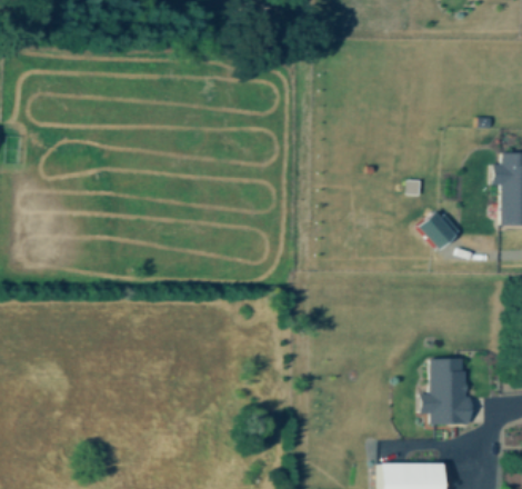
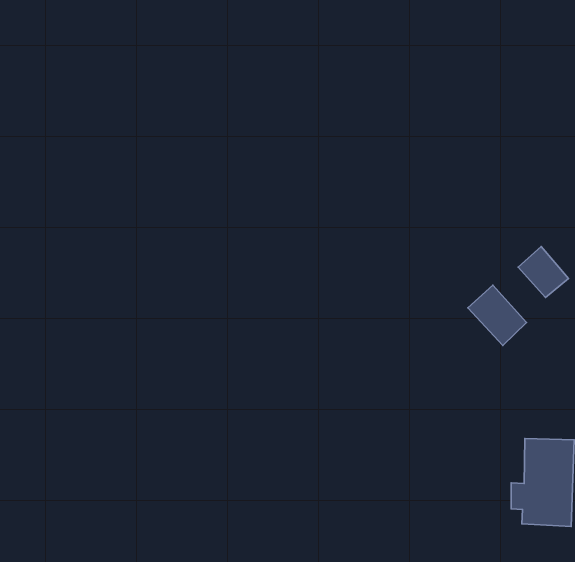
building: none -> [468,285,526,345]

